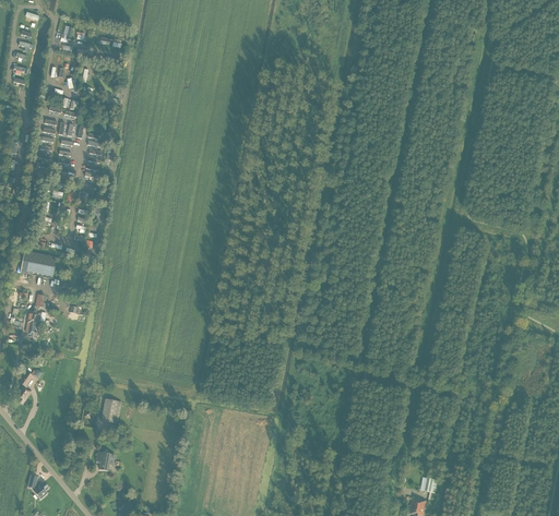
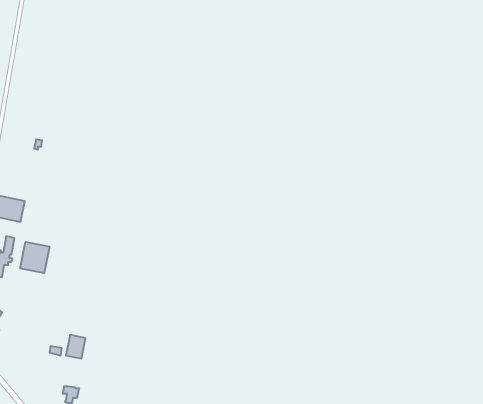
building: none -> [20,242,49,273]

